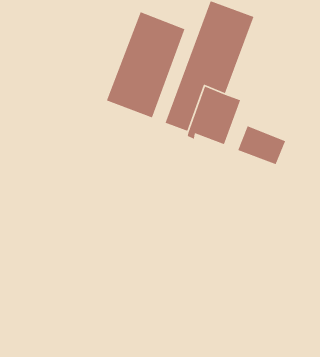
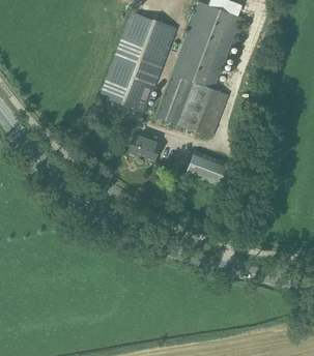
building: [237,125,286,165] -> [185,151,231,188]
building: none -> [127,136,161,161]

